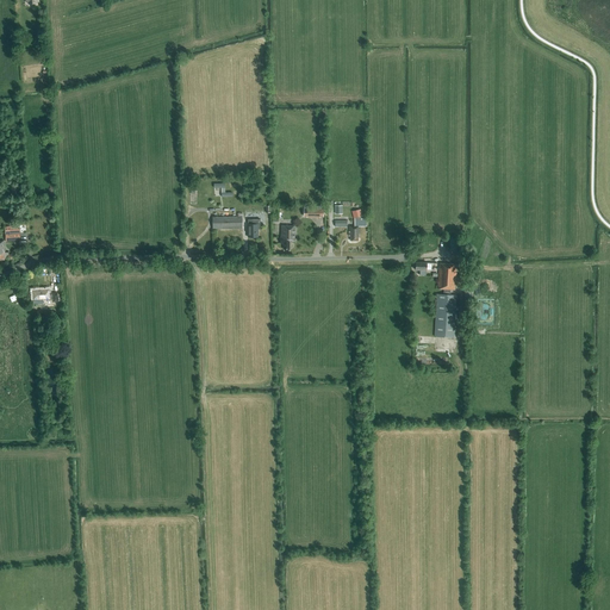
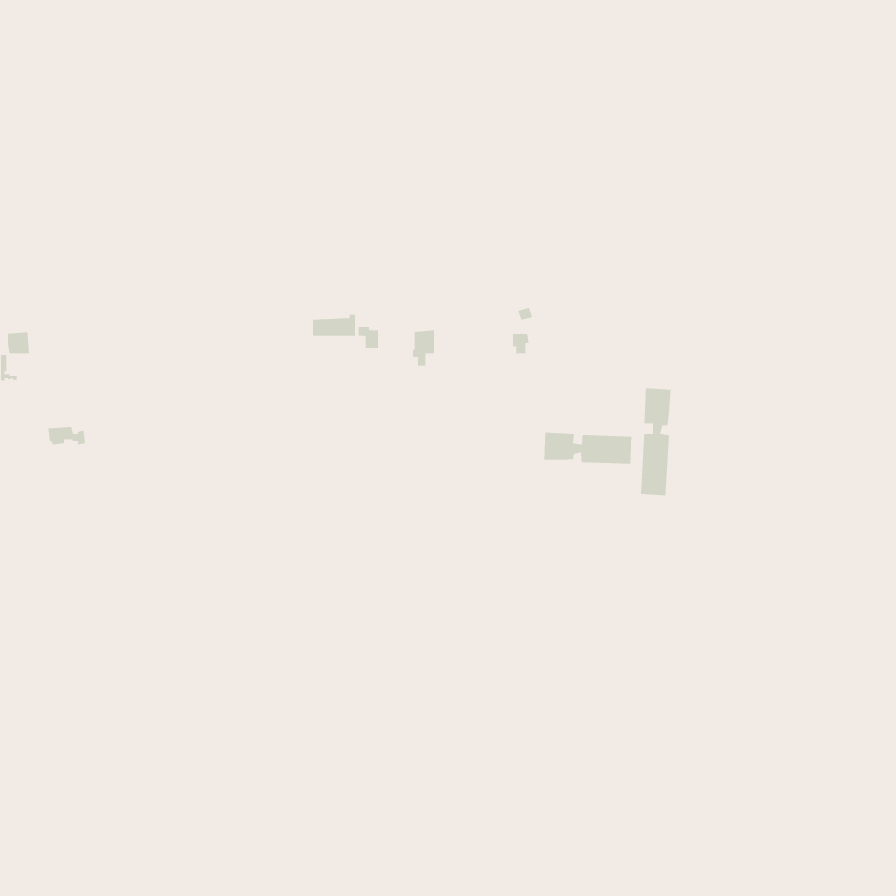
building: none -> [544,432,632,465]

